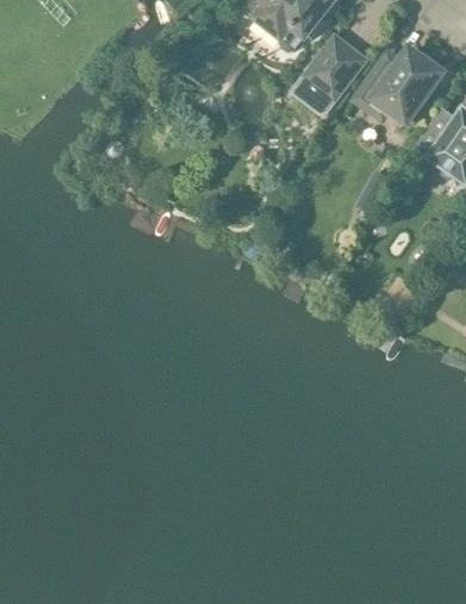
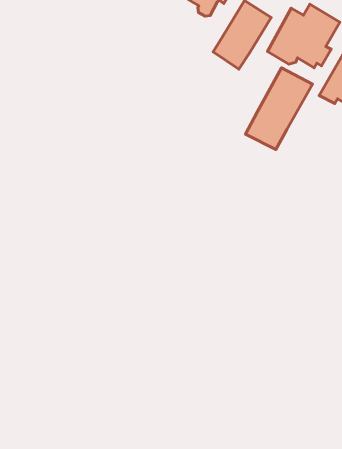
building: none -> [246,68,312,150]

